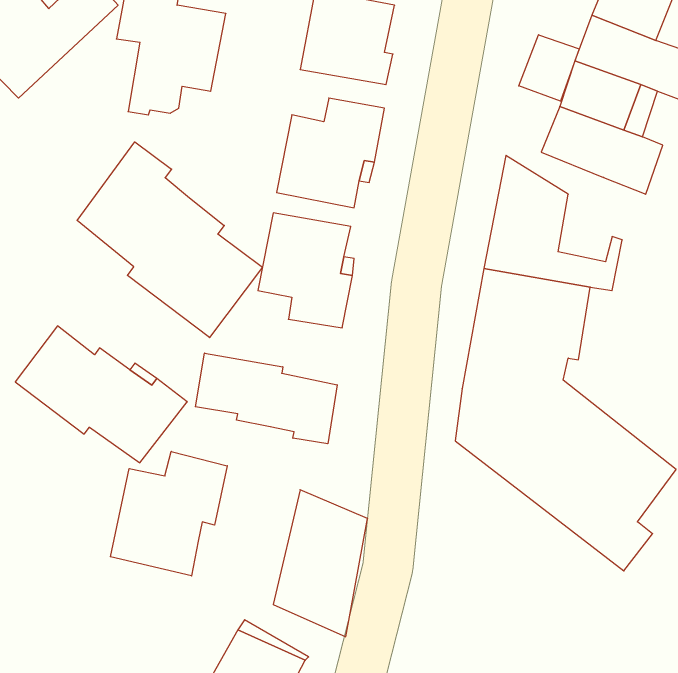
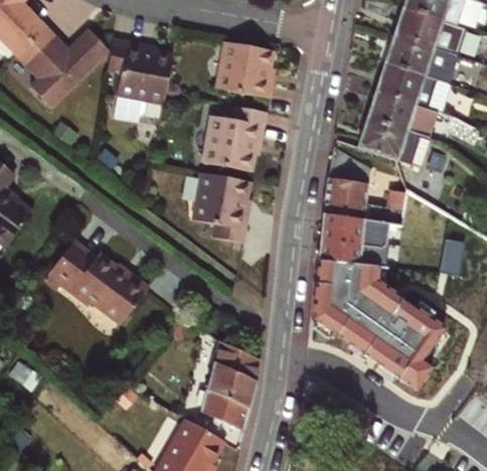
building: [519,35,579,101] -> none
building: [77,142,263,338] -> none
building: [195,353,337,444] -> none
building: [110,451,227,576] -> none

